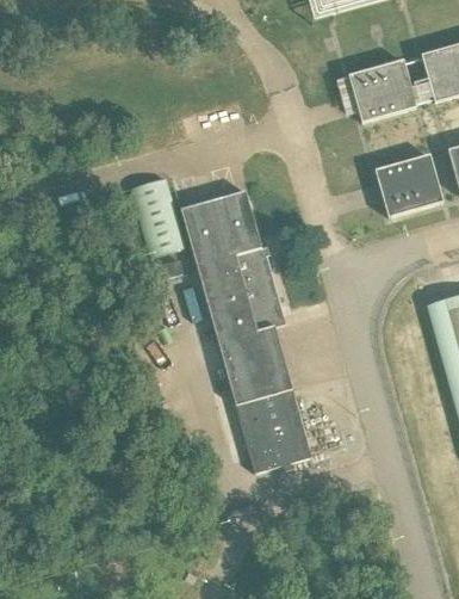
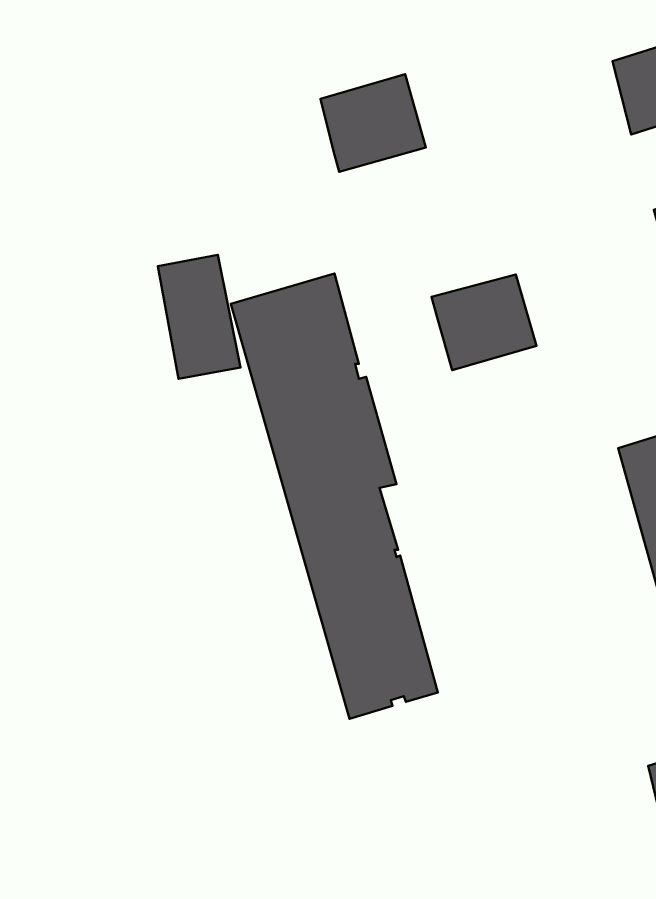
building: [349,58,416,121] -> [320,74,426,172]
building: [376,154,442,215] -> [431,274,537,370]

